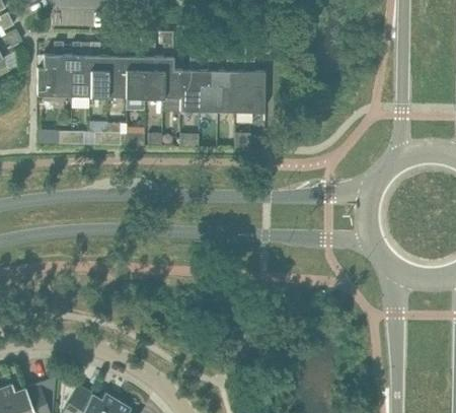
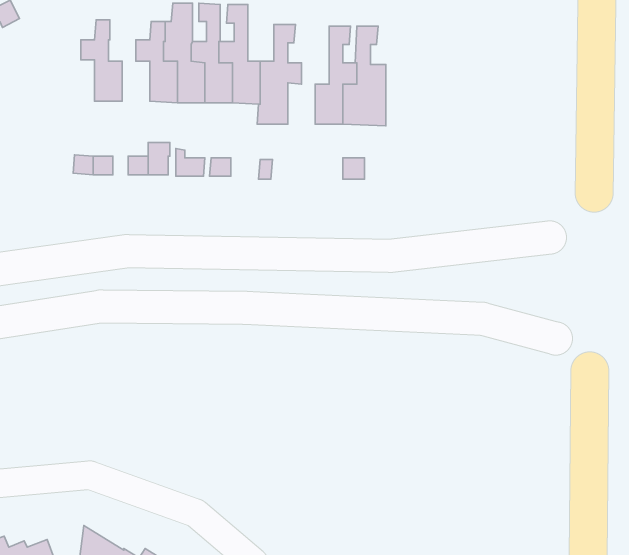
building: [37,44,72,97] -> none
building: [81,44,108,97] -> none
building: [200,47,227,113] -> none

